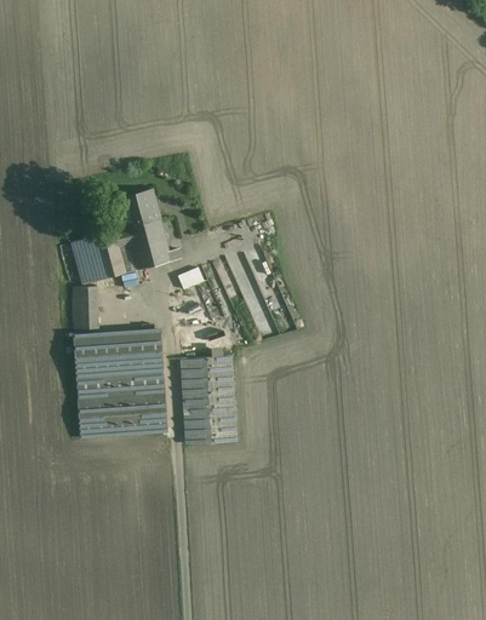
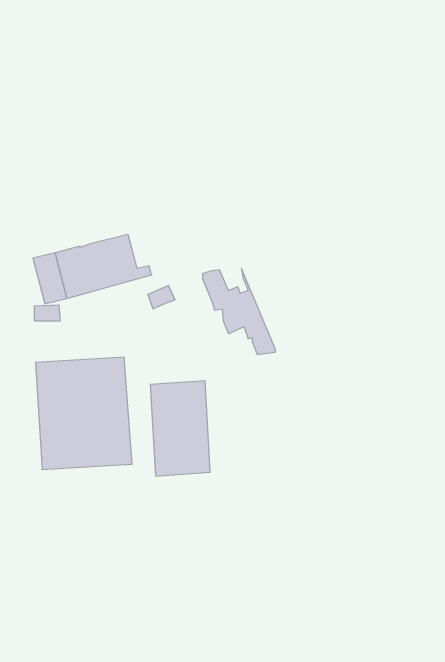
building: [119,188,160,226] -> none
building: [73,298,97,327] -> none

